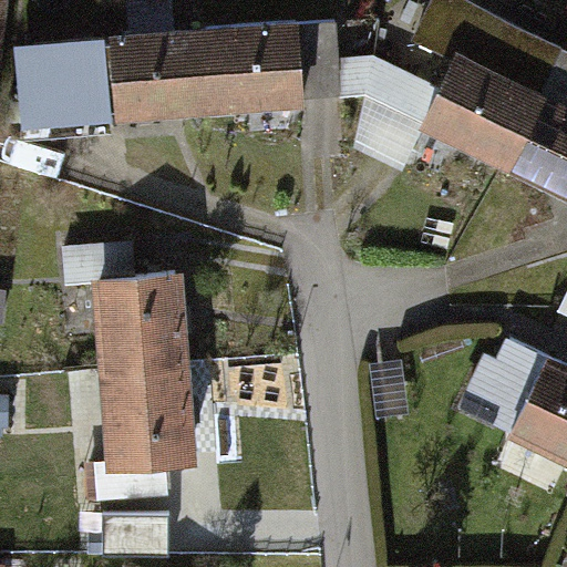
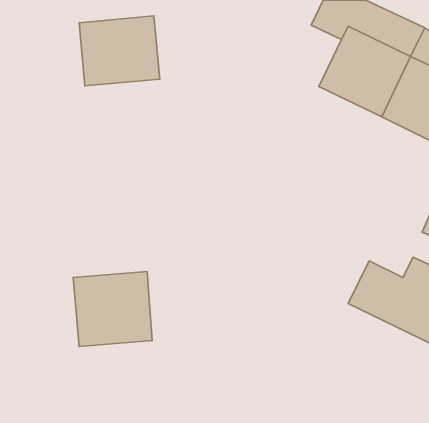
building: [204,22,341,113] -> none
building: [11,39,113,131] -> none
building: [91,276,195,374] -> none

